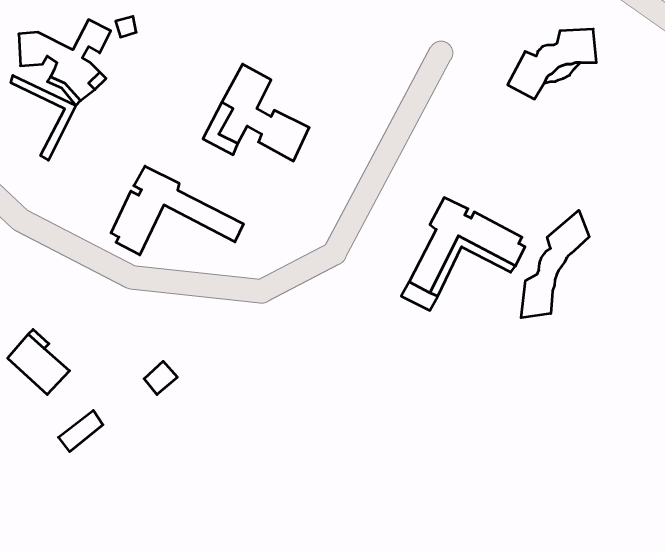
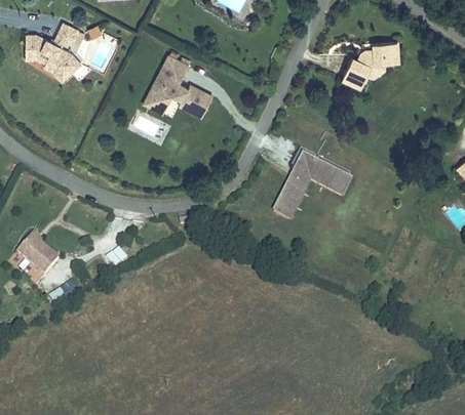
building: [11,75,76,160] -> none
building: [111,166,243,255] -> none
building: [521,210,589,318] -> none

